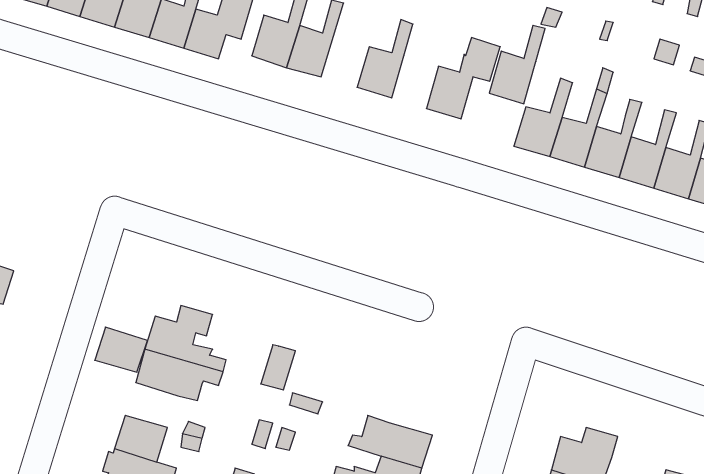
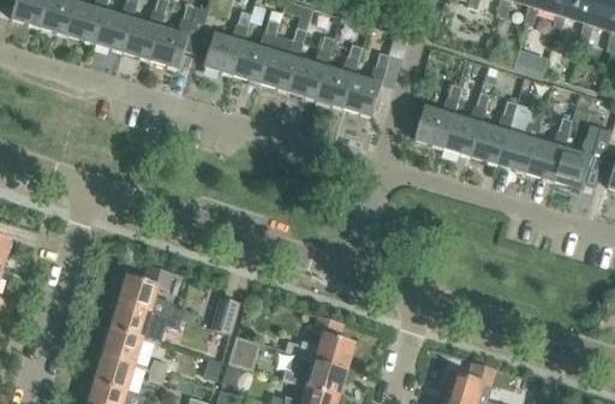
building: none -> [259,26,306,91]
building: [489,25,545,104] -> [316,46,360,108]
building: [95,327,148,372] -> [103,327,145,363]
building: none -> [286,315,357,369]

